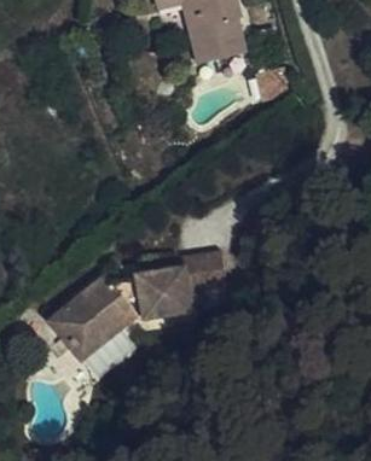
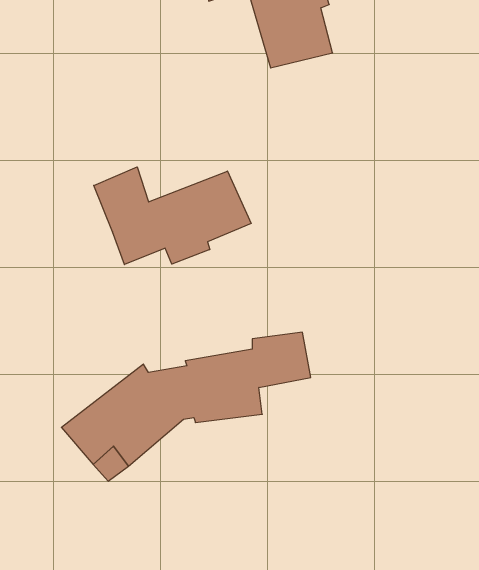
building: none -> [94,167,251,265]

